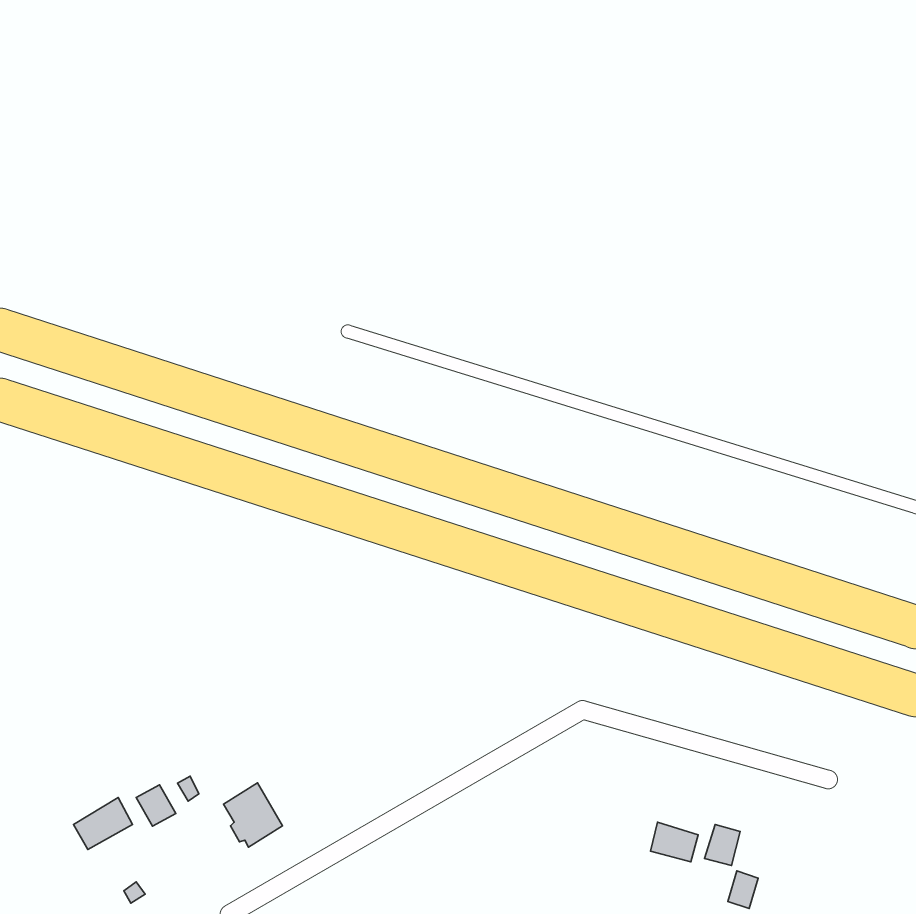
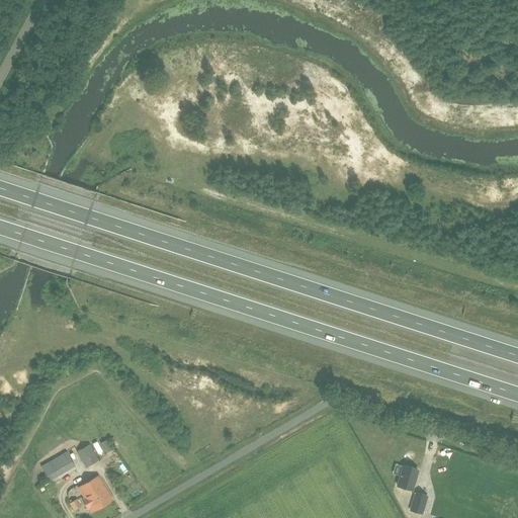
building: [223,783,283,847] -> [79,474,112,511]
building: [650,822,698,862] -> none

